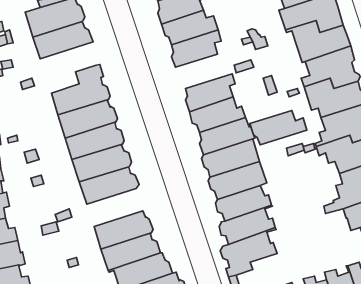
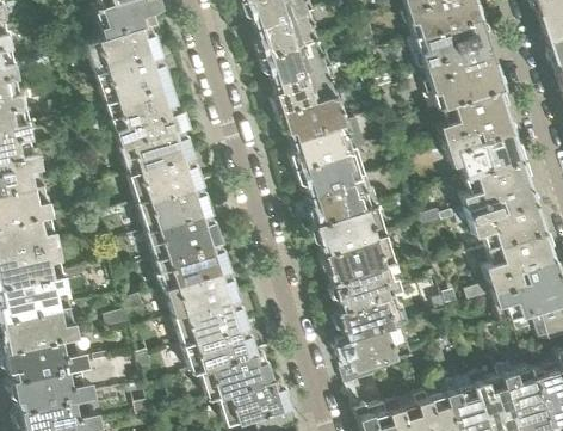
building: none -> [106,81,179,147]
building: [250,110,307,145] -> [279,97,352,141]
building: none -> [166,269,241,318]

